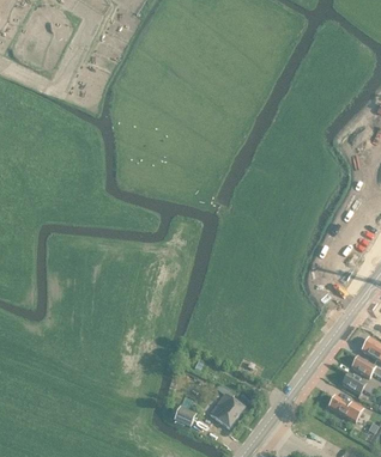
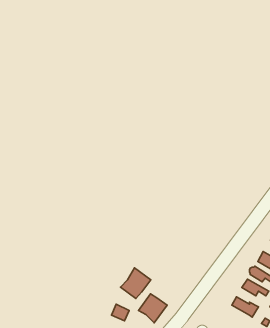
building: none -> [121,268,151,299]

